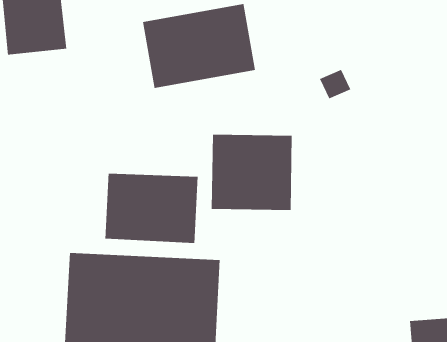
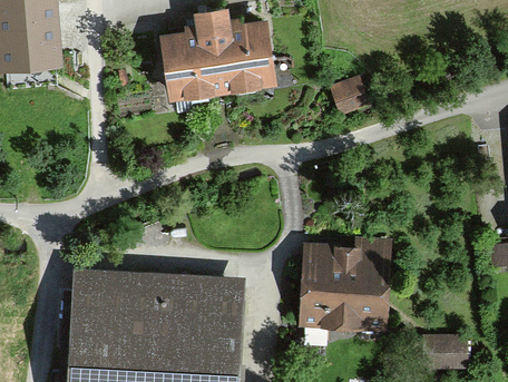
building: [211,134,292,210] -> [302,253,387,332]
building: [105,173,198,244] -> none

